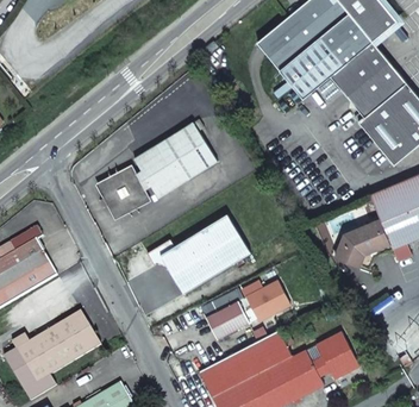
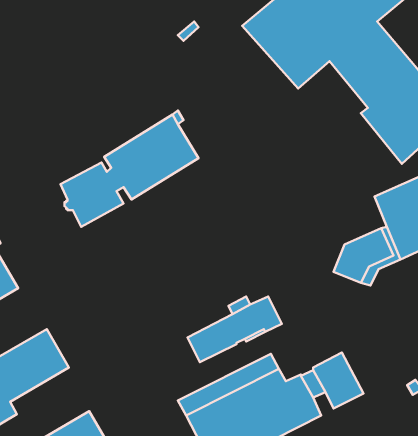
building: [145,214,250,294] -> none

